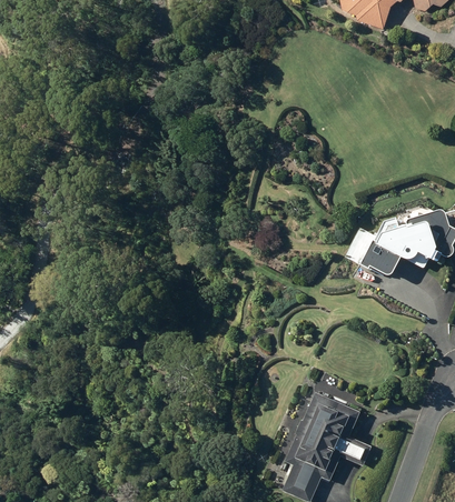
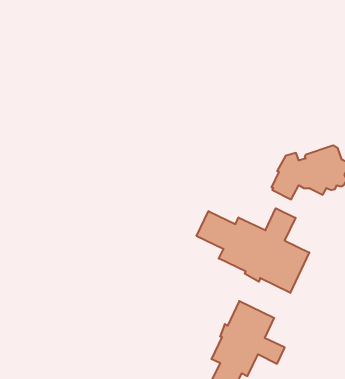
building: none -> [197,208,309,293]

